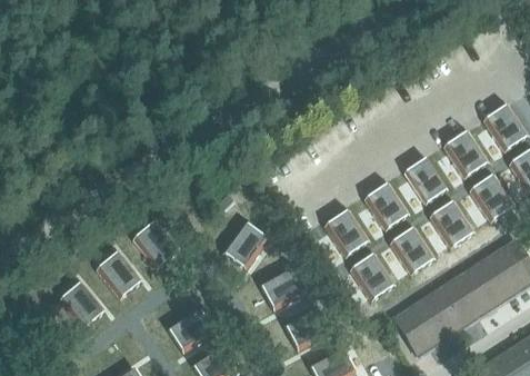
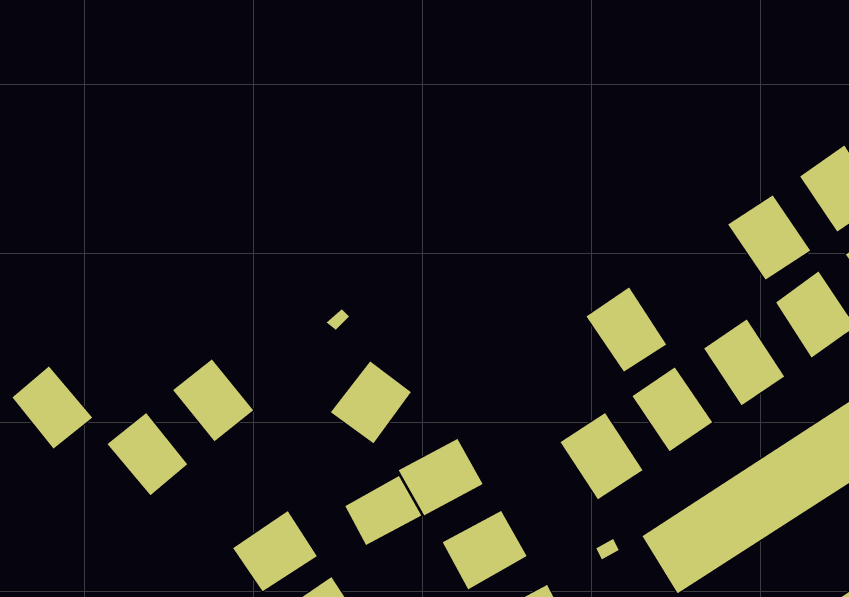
building: [403,158,447,205] -> none
building: [323,209,369,257] -> none
building: [60,283,106,329] -> [11,365,93,449]
building: none -> [345,475,422,546]

